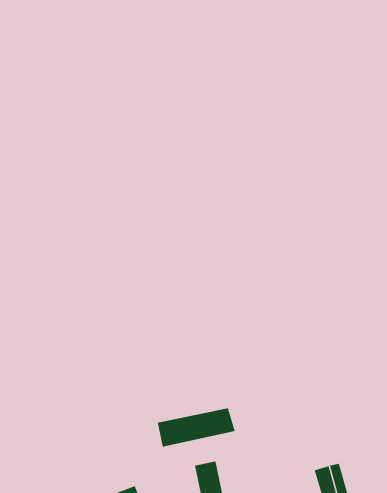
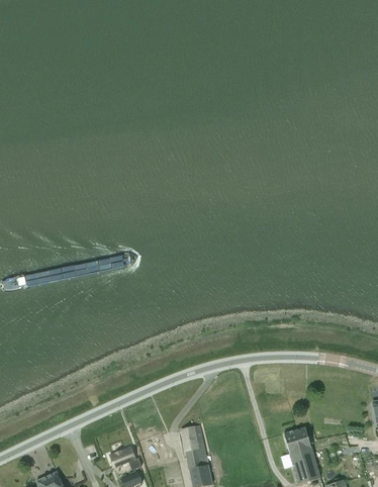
building: [157,407,236,447] -> none

